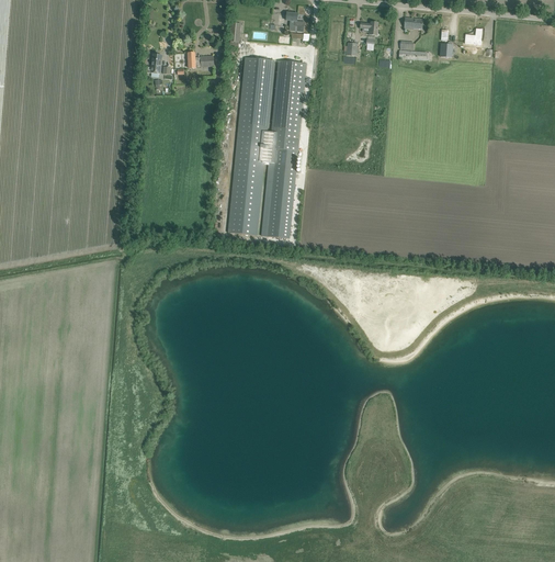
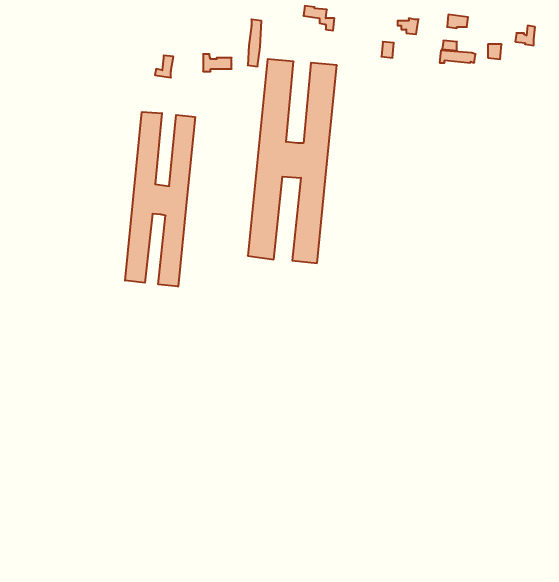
building: none -> [125,112,195,287]

